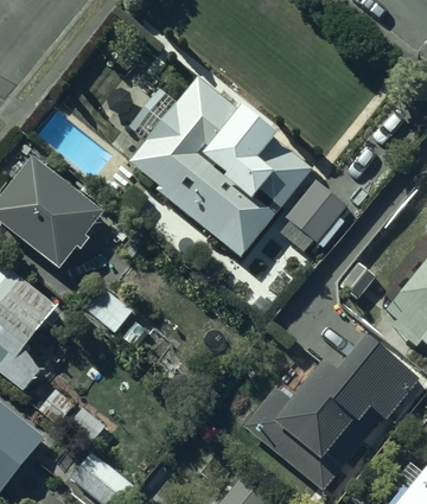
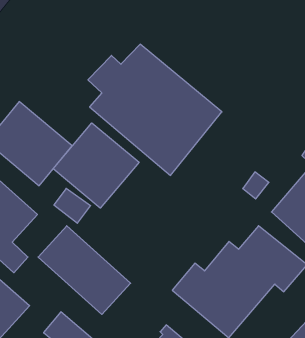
building: [281,174,346,242] -> none
building: none -> [53,123,139,208]
building: none -> [38,226,131,314]

